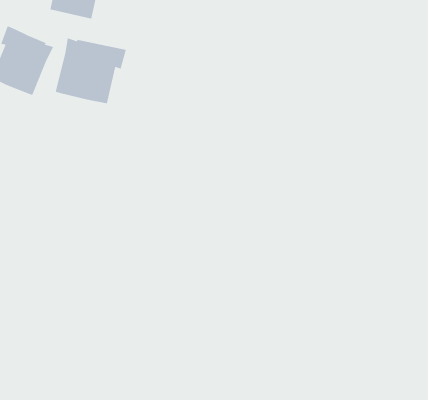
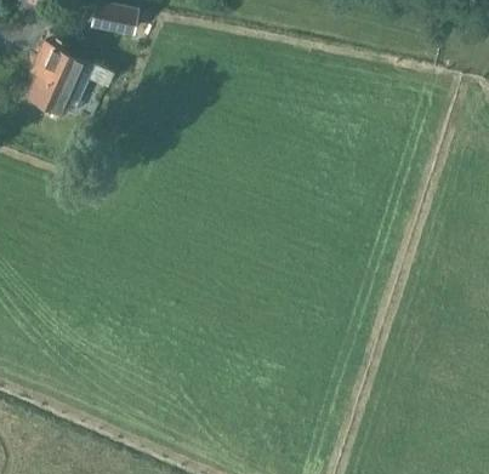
building: [55,37,127,104] -> none

